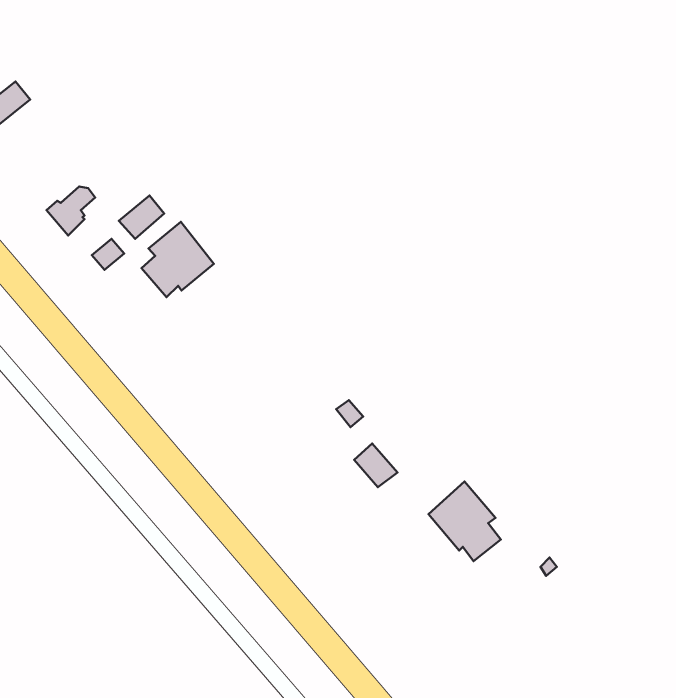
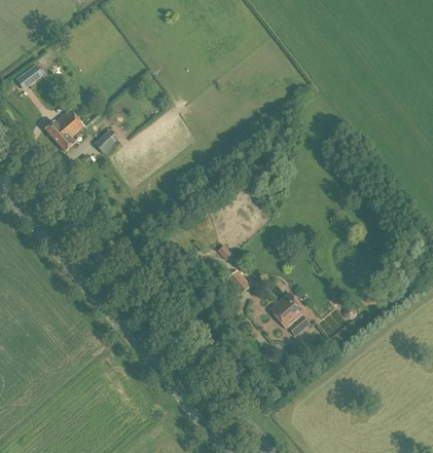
building: none -> [43,109,83,137]
building: [142,222,214,297] -> none

